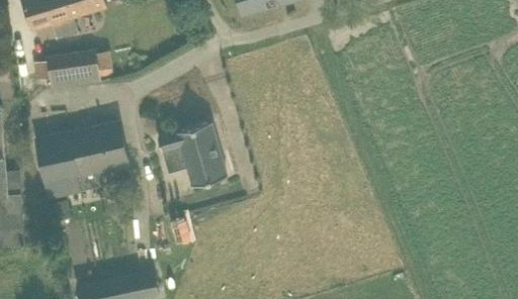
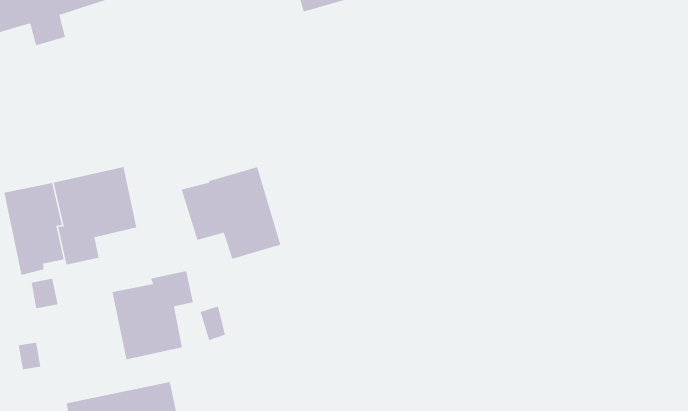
building: [48,53,98,89] -> none
building: none -> [112,271,193,360]

